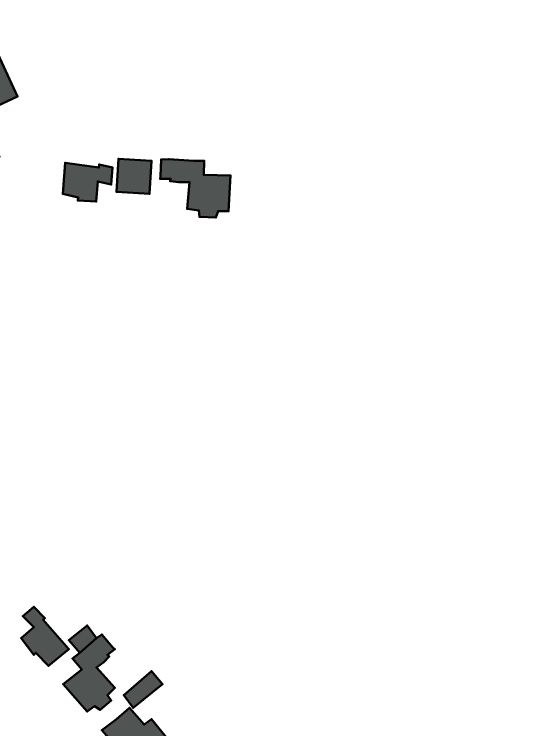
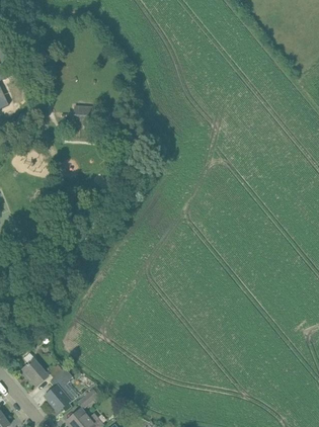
building: [160,159,231,217] -> none
building: [63,163,112,201] -> none

